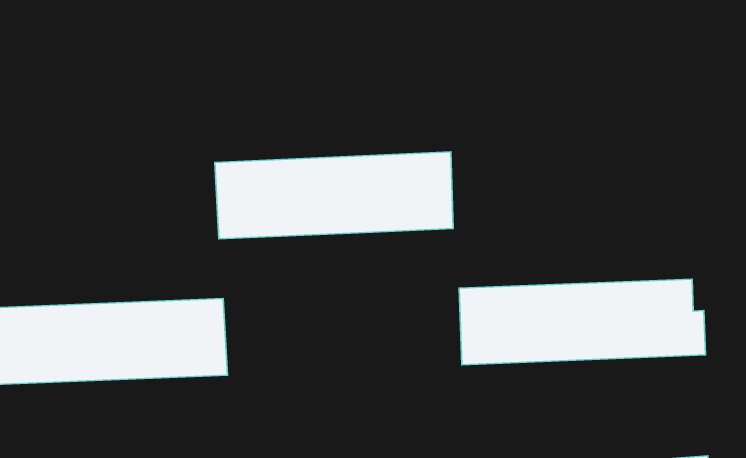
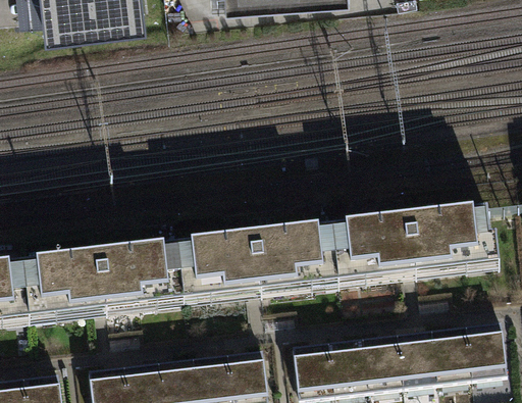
building: [215,152,453,239] -> [162,230,324,298]

